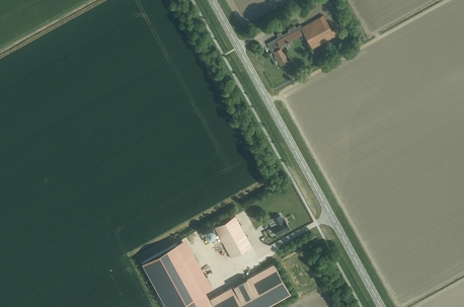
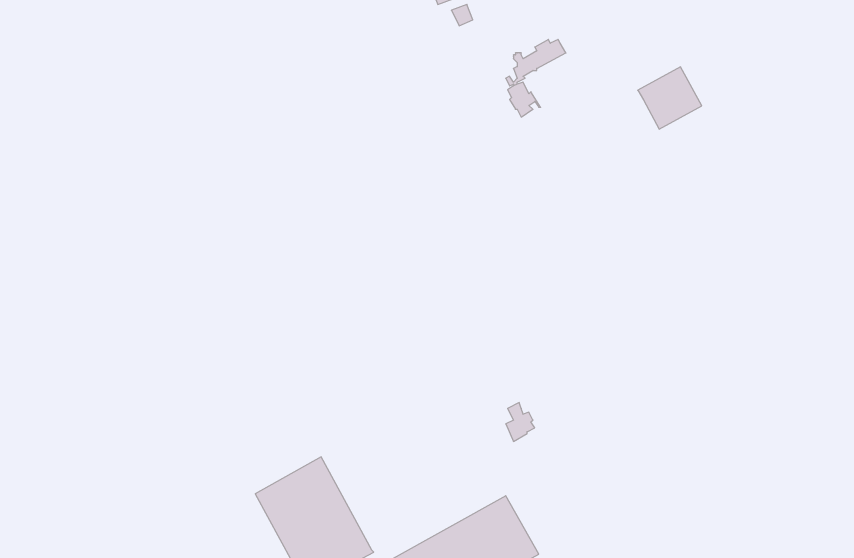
building: [301,17,334,50] -> [638,67,702,129]
building: [215,218,251,259] -> none

